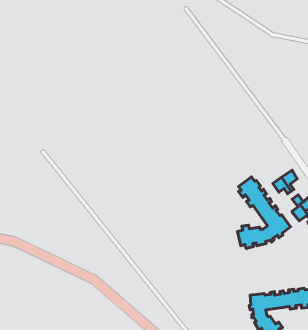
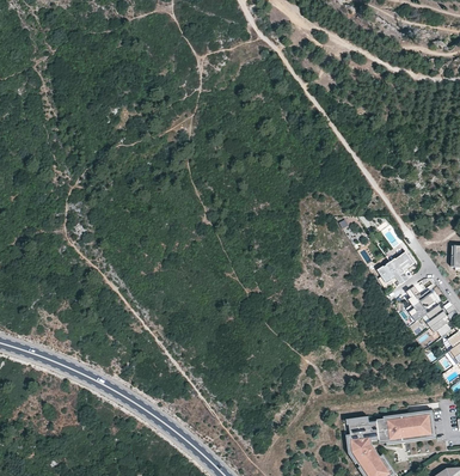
building: [238,177,290,249] -> none

